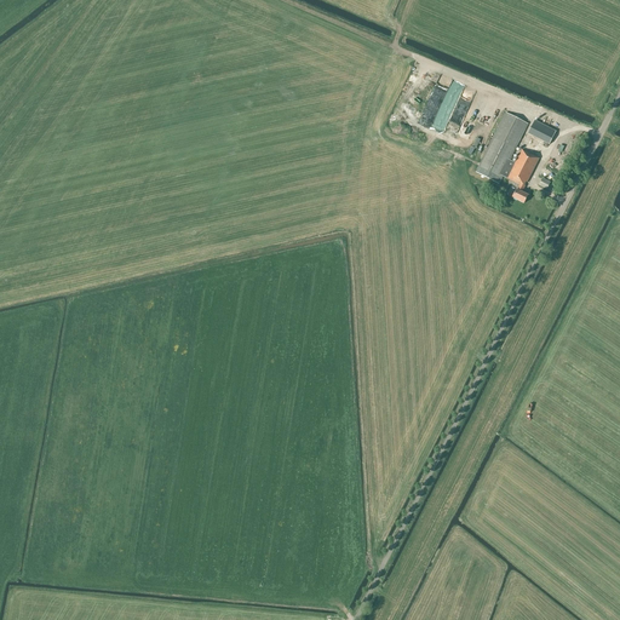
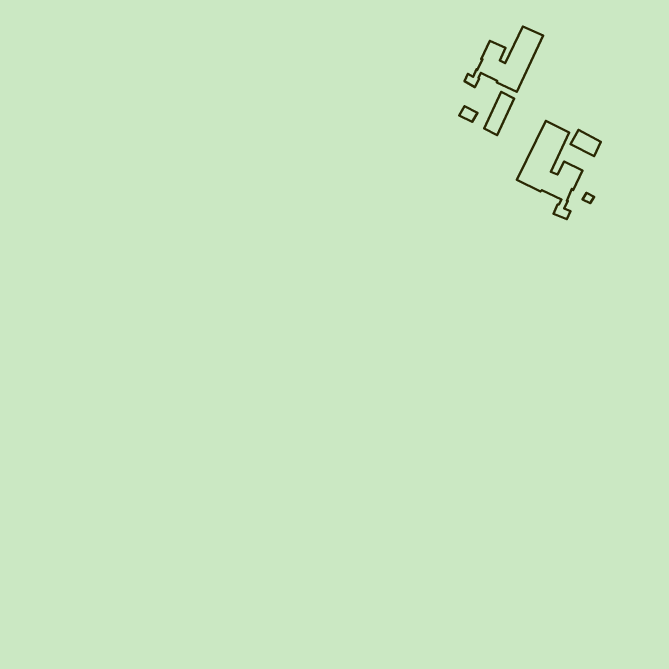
building: none -> [464,26,543,92]

